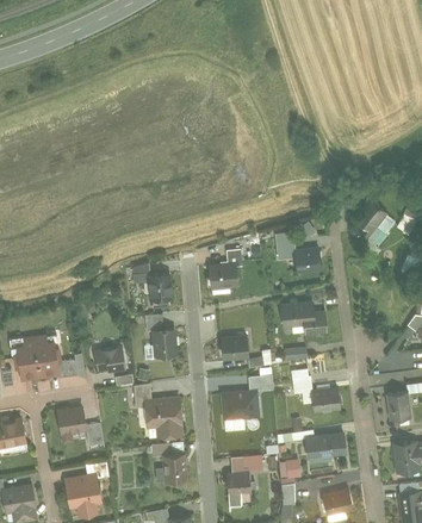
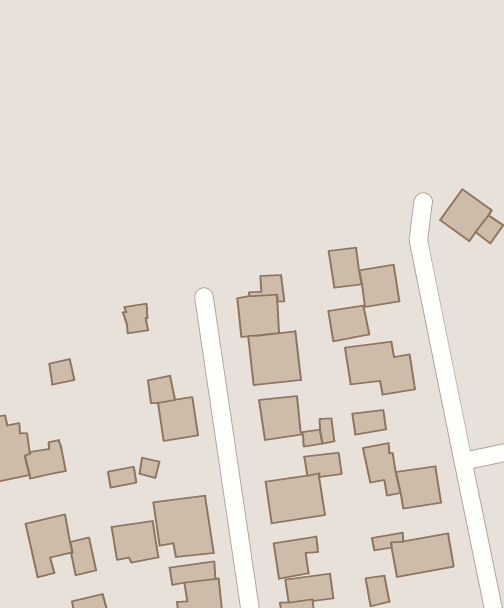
building: [145,272,170,301] -> none
building: none -> [329,305,369,341]
building: none -> [248,331,301,385]
building: [93,345,124,373] -> [111,521,159,562]
building: none -> [274,536,318,579]

